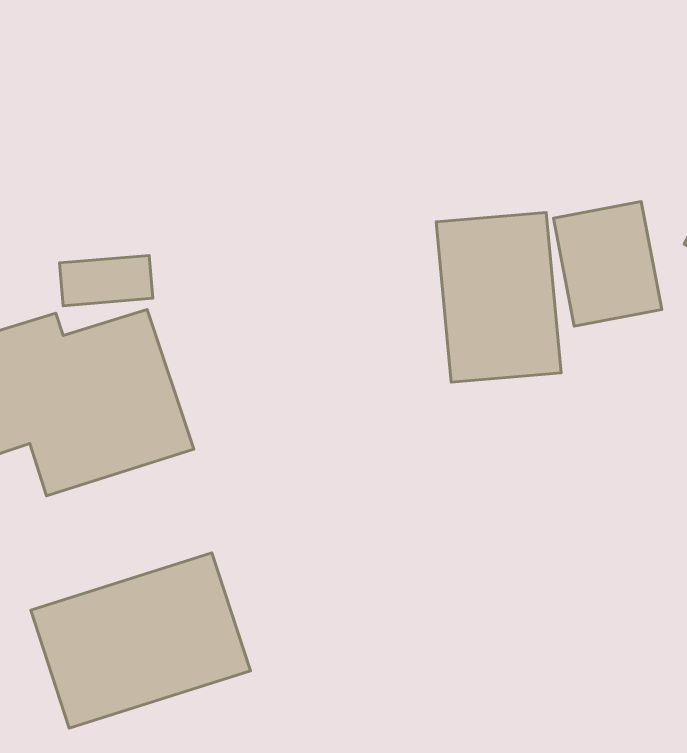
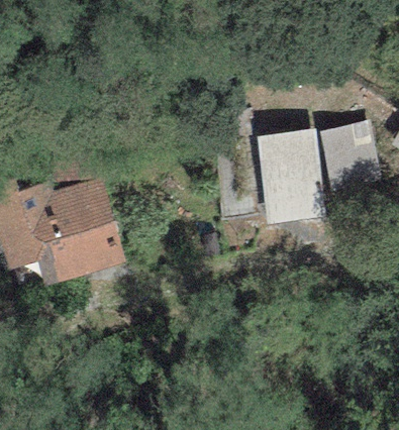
building: [31,553,250,728] -> none

